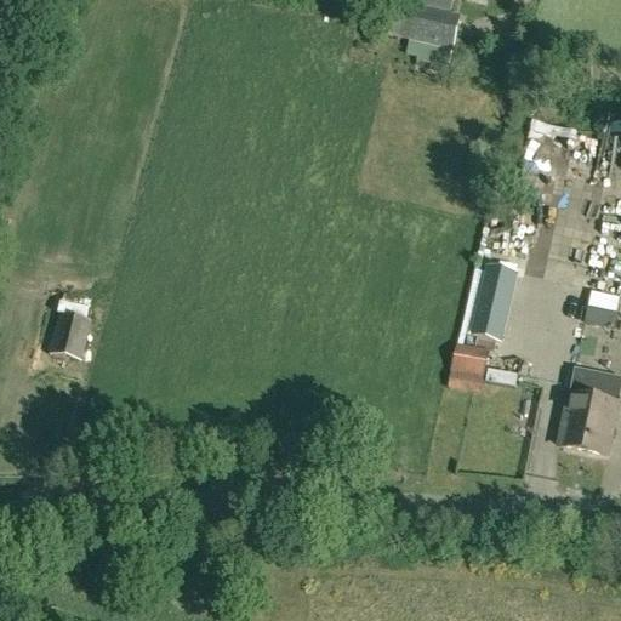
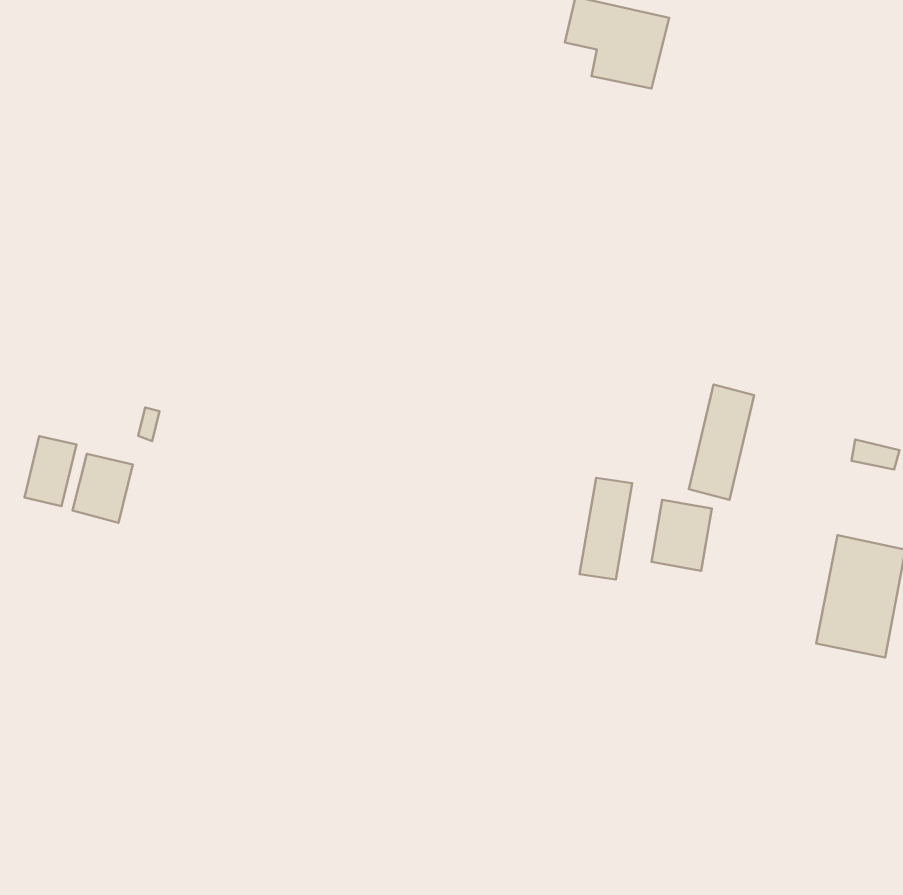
building: none -> [24,436,76,506]
building: none -> [580,478,632,580]

